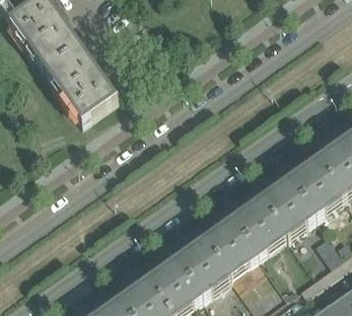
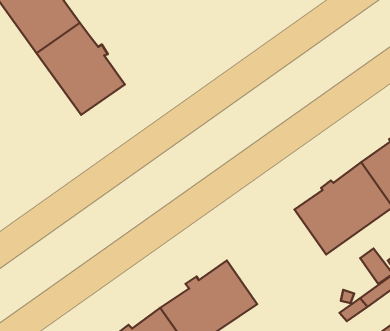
building: [200,198,284,276] -> none

